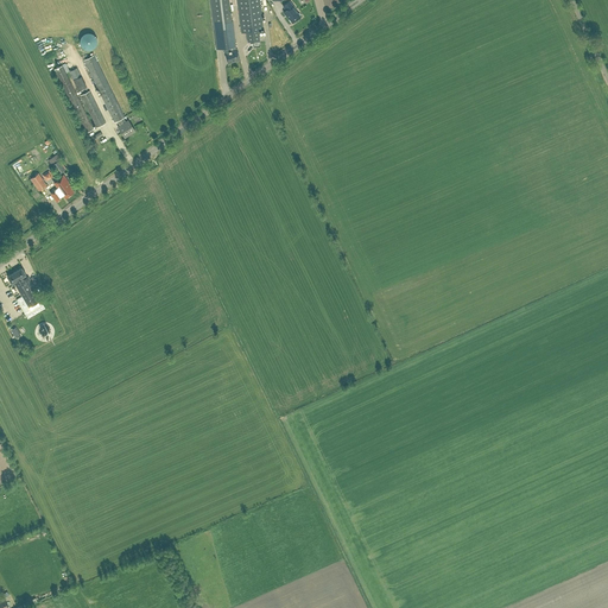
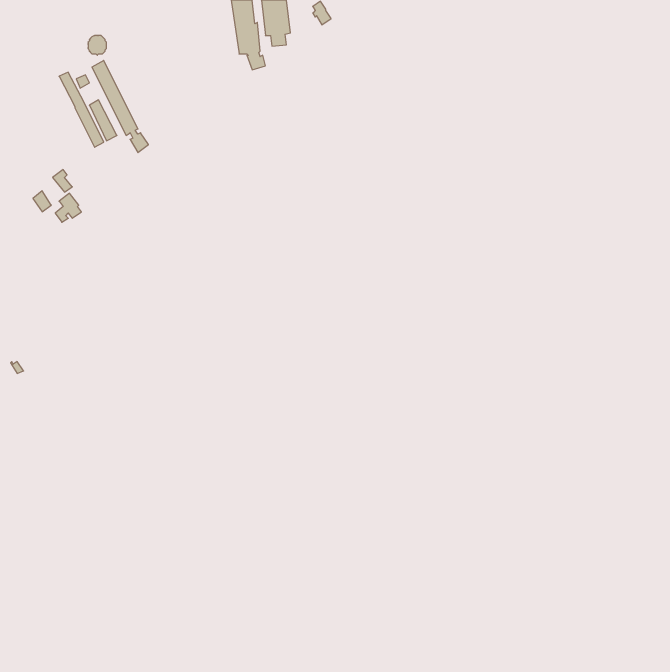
building: [8,267,39,308] -> none

